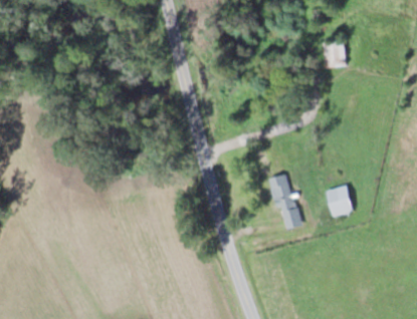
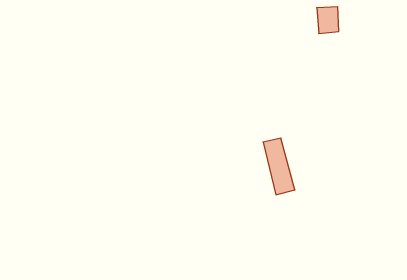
building: [327,185,354,217] -> none

